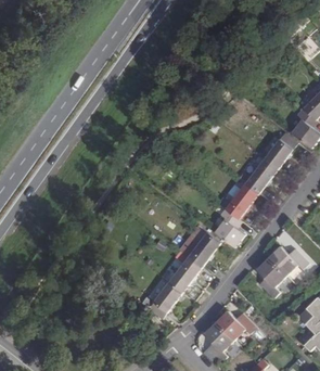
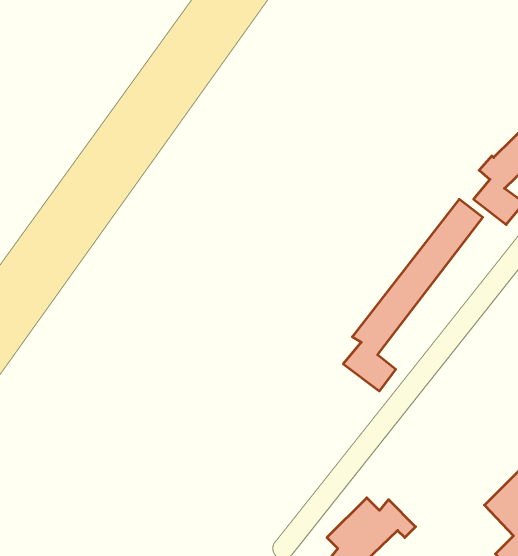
building: [145,233,220,322] -> none
building: [256,247,309,298] -> none

